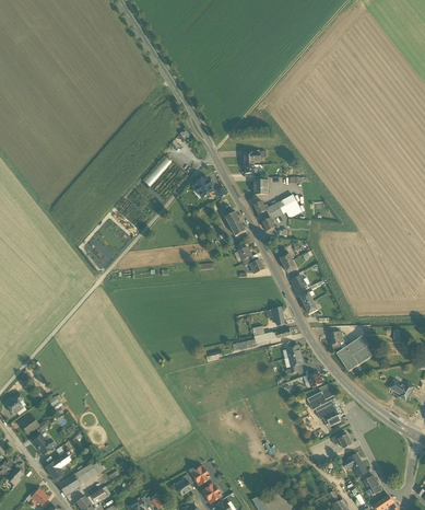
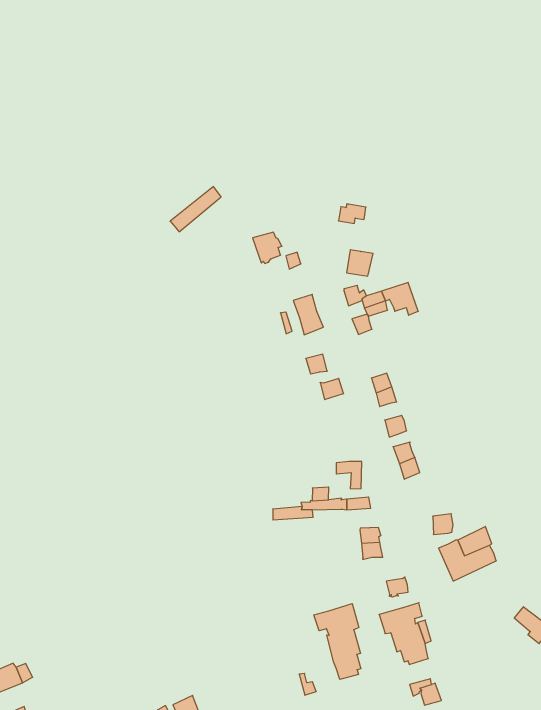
building: none -> [314,604,361,679]

